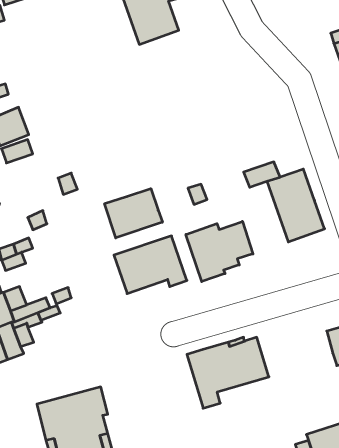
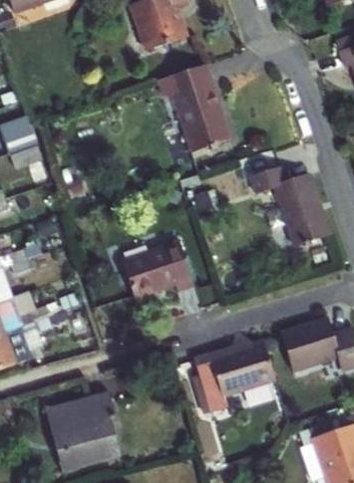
building: none -> [157,64,230,152]
building: [105,189,162,238] -> none
building: [186,221,253,282] -> none
building: none -> [281,318,338,371]

